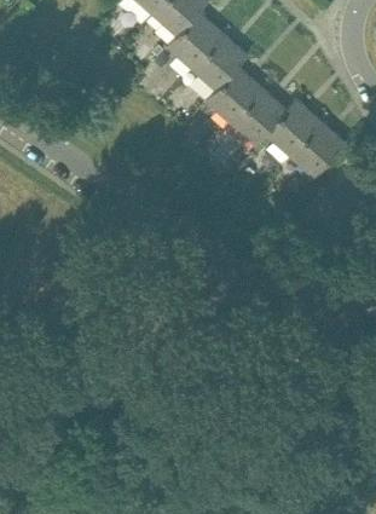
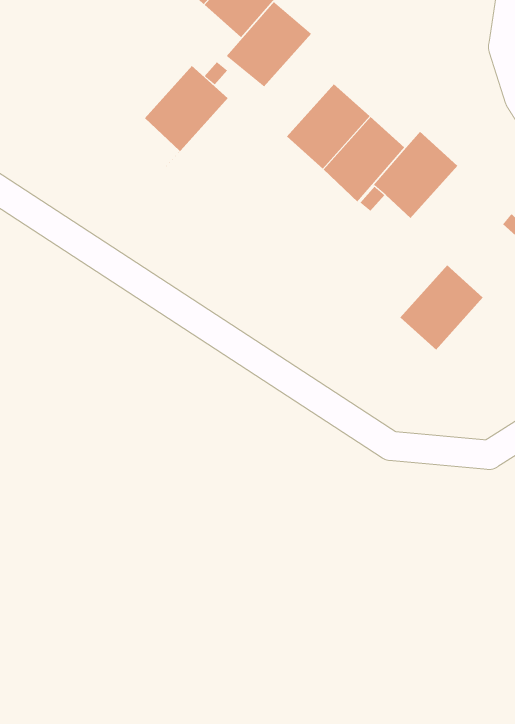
building: [191,33,247,100] -> [144,65,228,168]
building: [288,120,343,177] -> [400,265,484,351]

